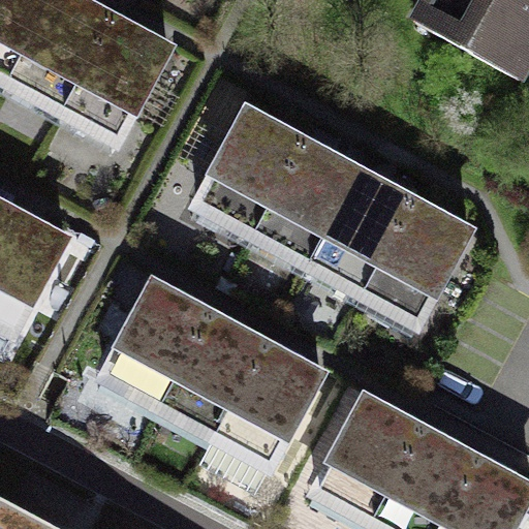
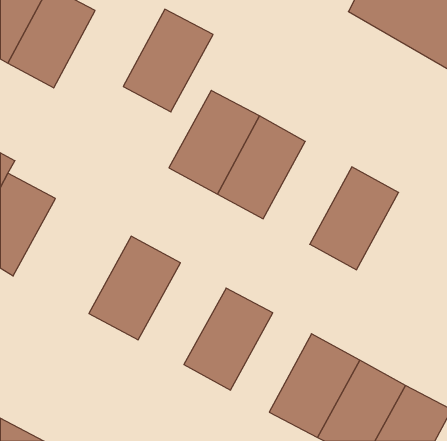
building: [66,12,172,133] -> [123,9,213,112]
building: [312,166,416,287] -> none
building: [165,309,269,429] -> none

